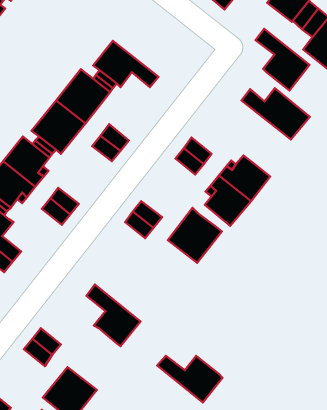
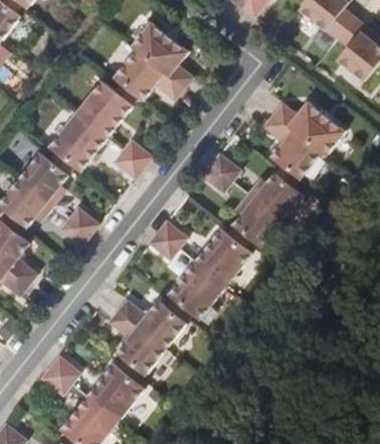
building: none -> [132,21,193,89]
building: [256,29,310,91] -> [263,114,321,179]
building: none -> [168,262,225,318]
building: none -> [87,363,145,421]
building: [157,356,223,402] -> [117,299,186,348]

